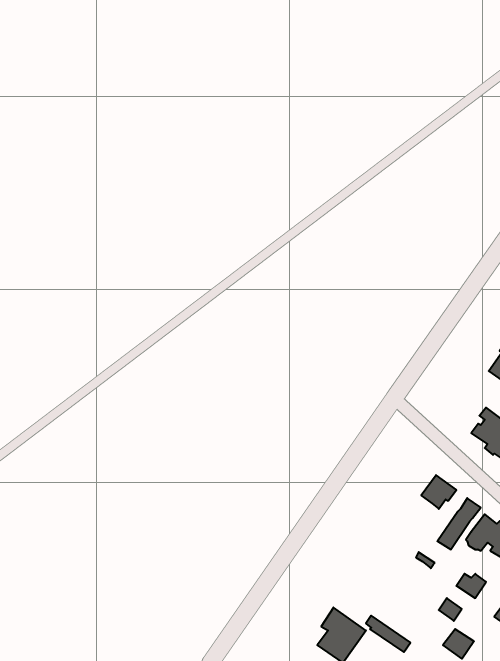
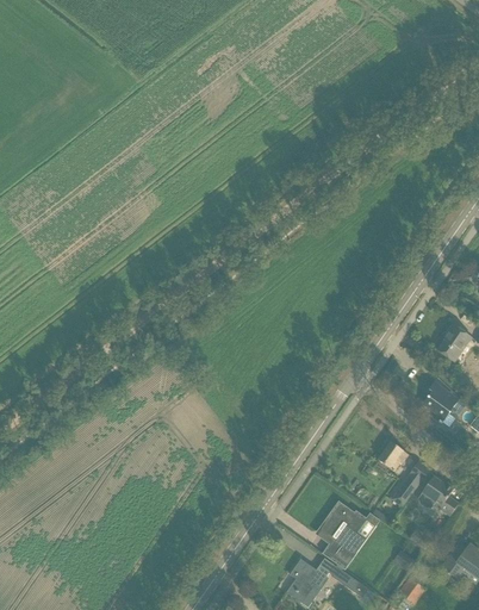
building: none -> [322,500,366,569]

